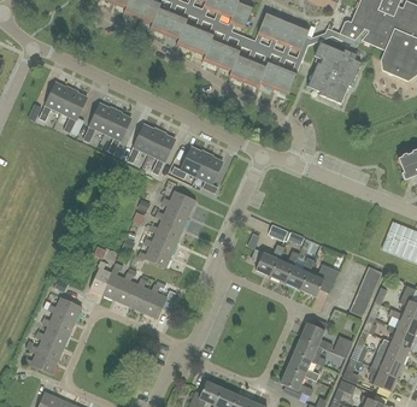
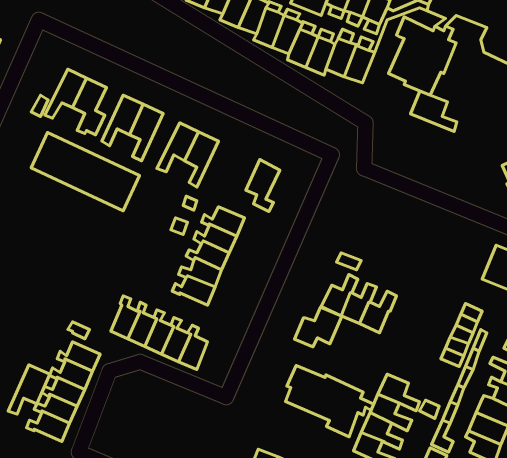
building: none -> [410,91,457,131]
building: none -> [31,132,139,211]
building: [171,146,207,178] -> none
building: [301,264,339,295] -> [294,307,342,347]
building: none -> [8,365,50,414]
building: none -> [286,365,374,437]

